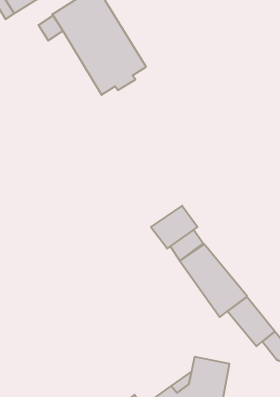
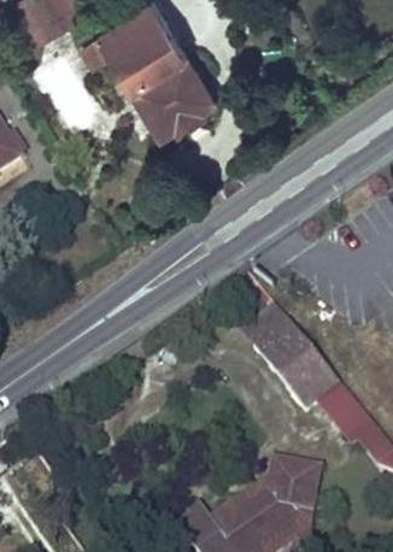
building: [151,206,197,249] -> none

